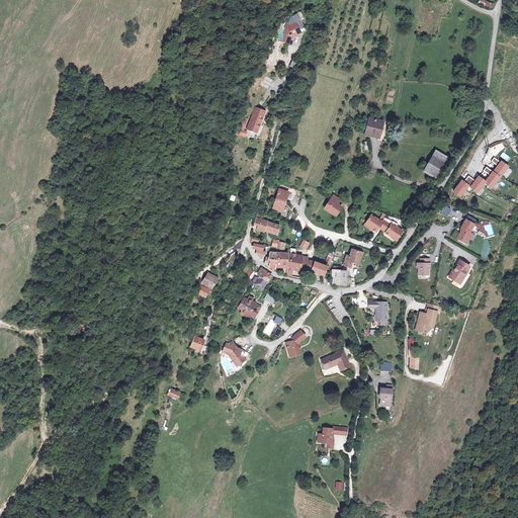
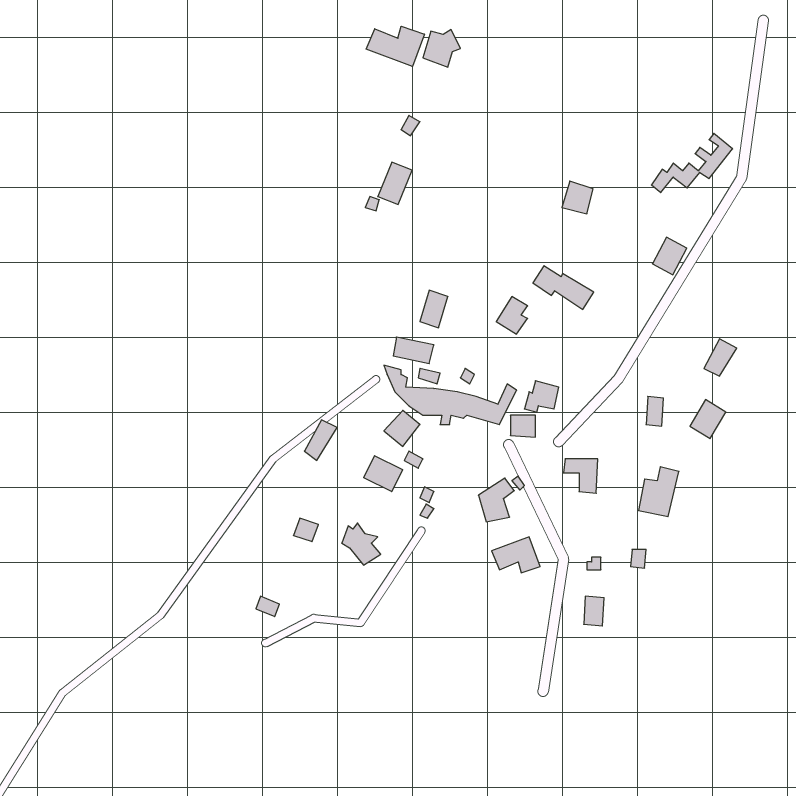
building: none -> [366,26,424,67]
building: [453,157,506,195] -> [651,133,733,193]
building: [363,212,403,241] -> [533,266,594,309]
building: [282,329,306,357] -> [478,478,514,522]
building: [316,426,346,449] -> none

